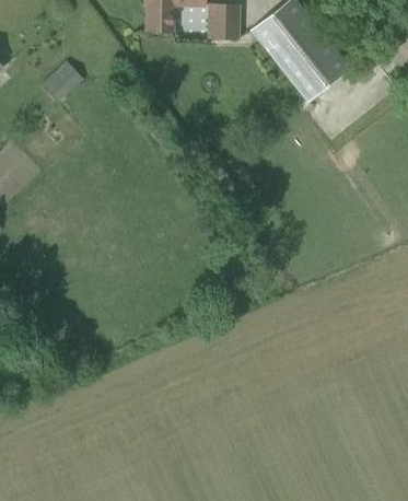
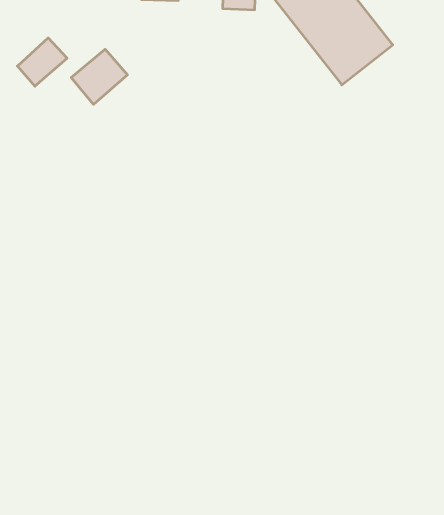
building: none -> [71,49,127,104]

